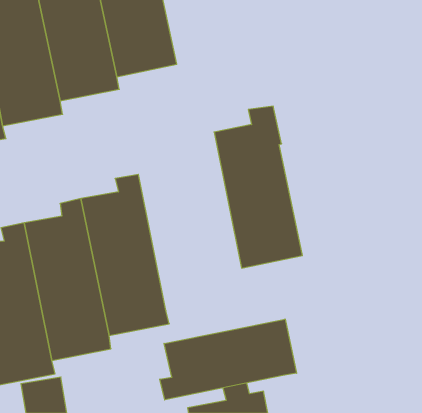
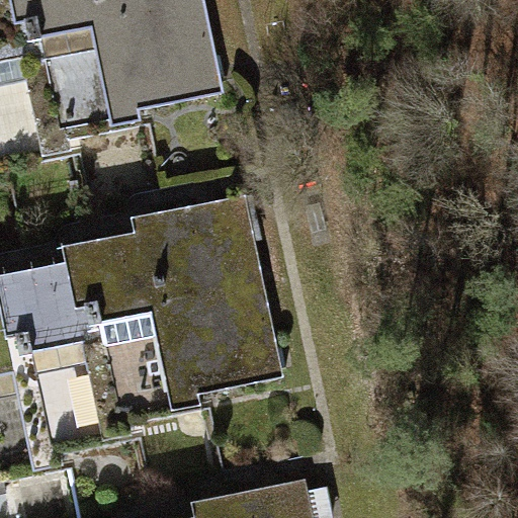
building: [214,106,302,268] -> [168,180,275,376]
building: [160,319,297,400] -> none

